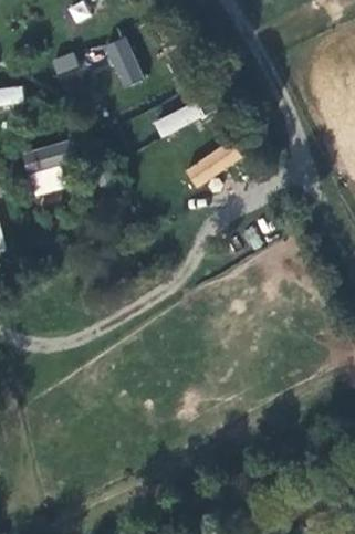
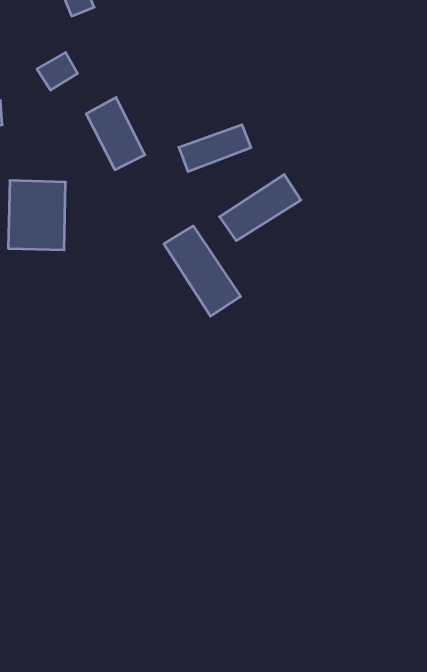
building: [100,36,143,90] -> [86,97,145,170]
building: none -> [164,226,241,316]

